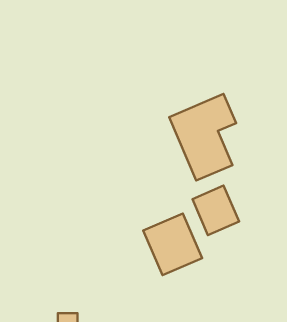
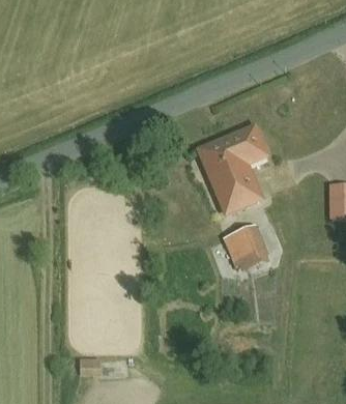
building: [143,214,202,275] -> none

